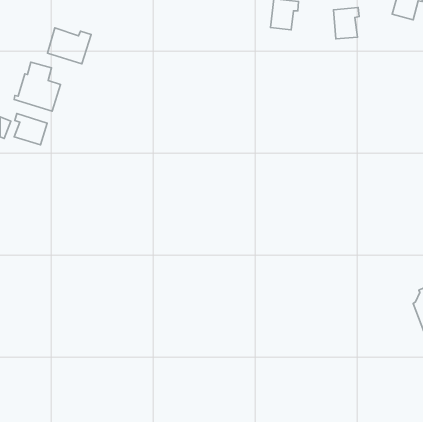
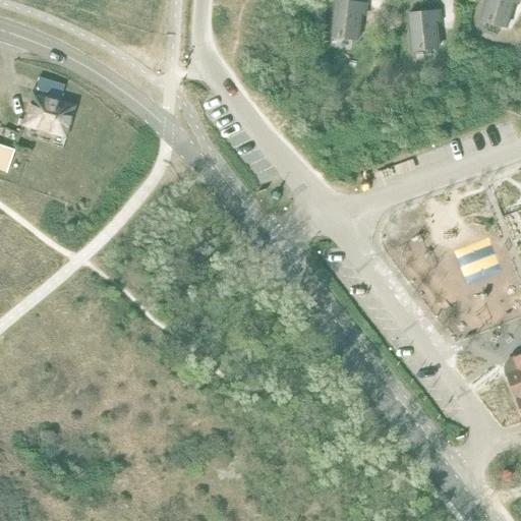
building: [47,28,91,64] -> none
building: [14,114,47,145] -> none

